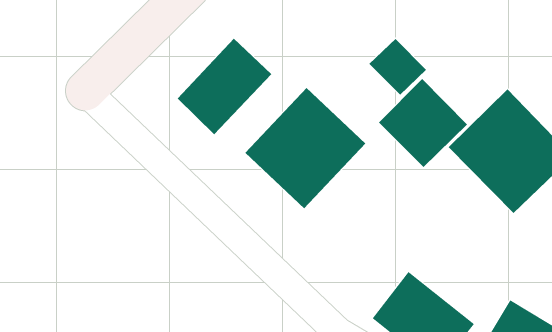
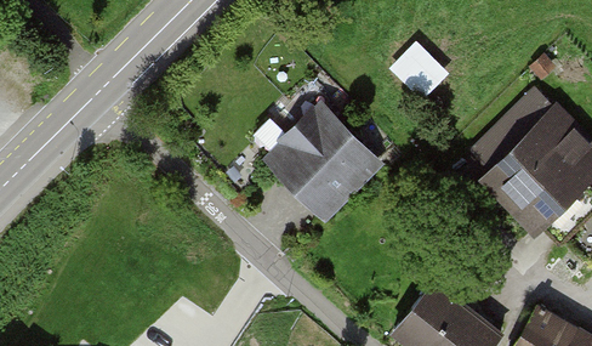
building: [177,38,272,135] -> none
building: [378,78,468,168] -> none

